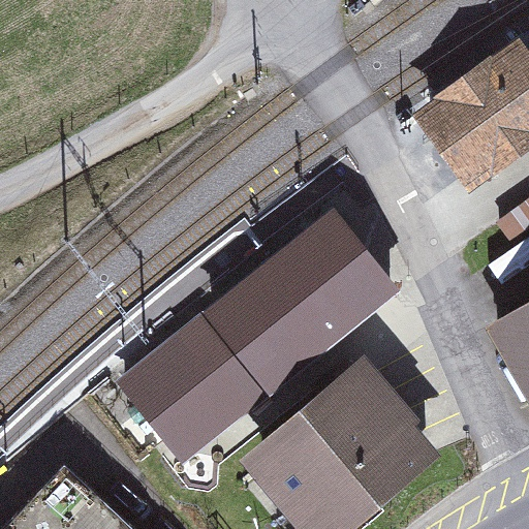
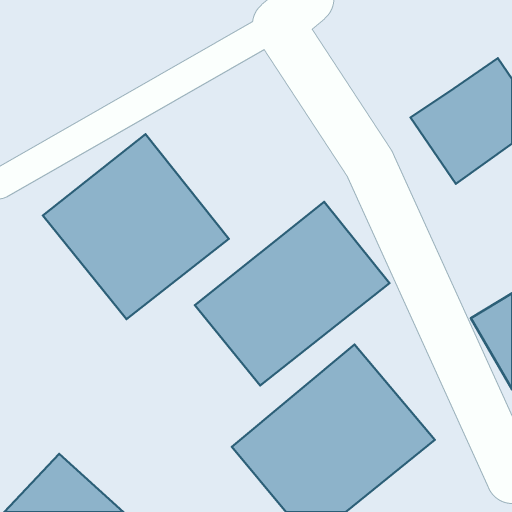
building: none -> [43,134,229,319]
building: [115,314,268,465] -> none

